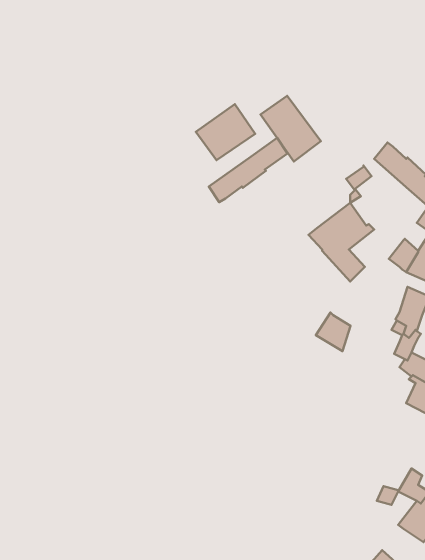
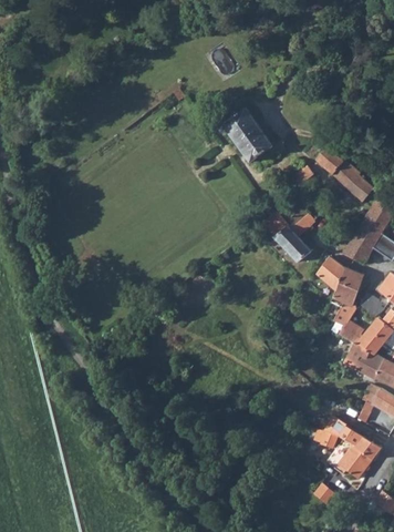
building: [196,104,255,160] -> none
building: [209,138,288,202] -> none
building: [316,312,351,351] -> [315,256,344,288]

